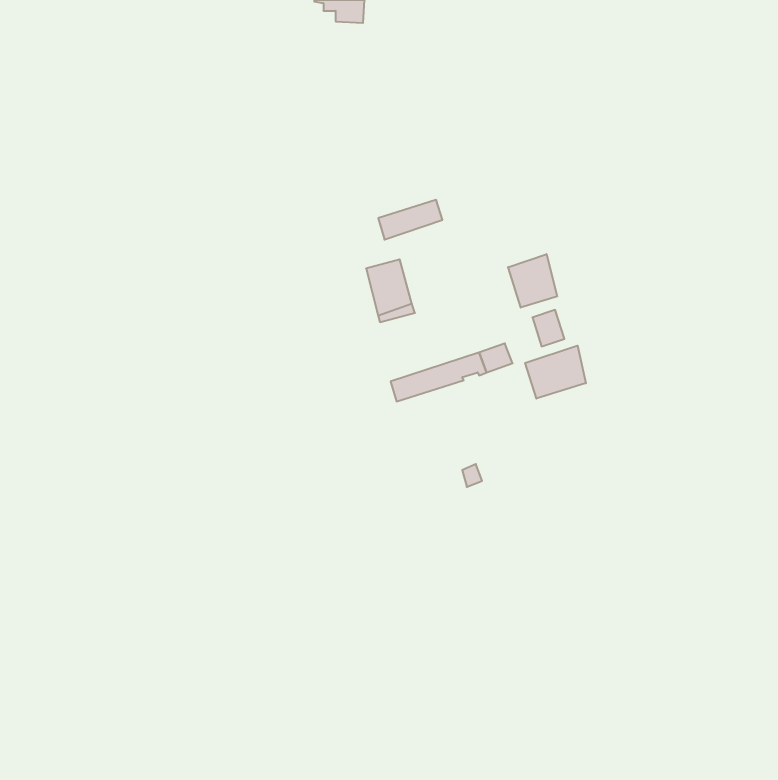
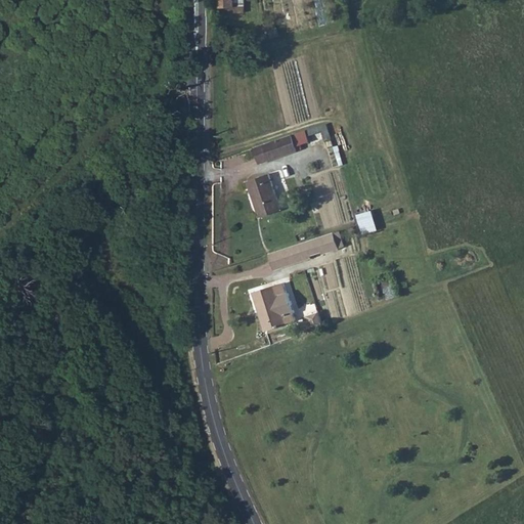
building: [508,254,557,308] -> none
building: [525,346,586,399] -> none
building: none -> [253,282,296,332]

